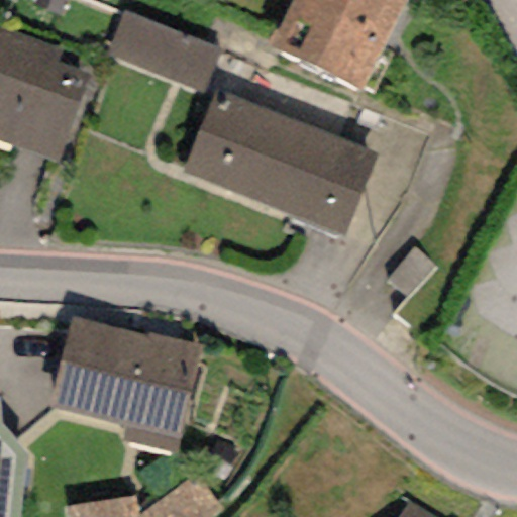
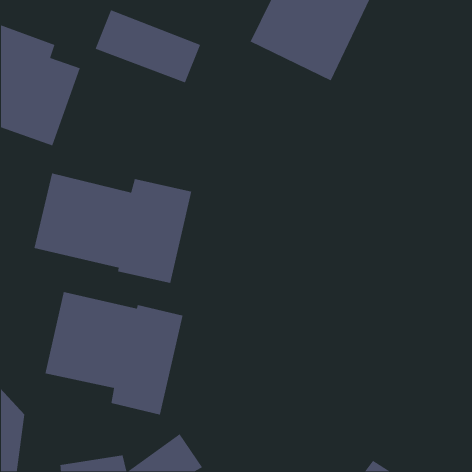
building: [182,89,376,235] -> none
building: none -> [33,172,192,284]

